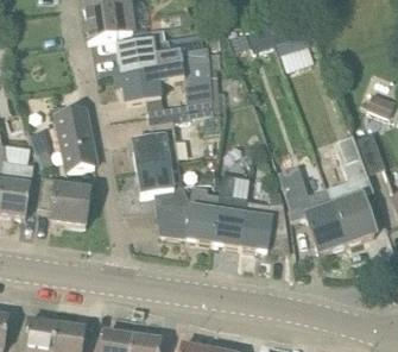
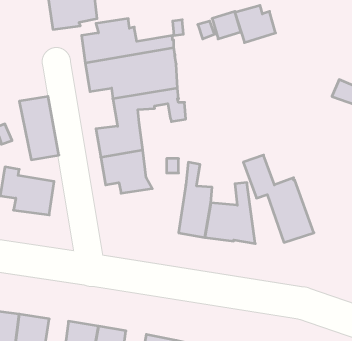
building: [329,134,375,241] -> none
building: [157,184,221,241] -> none

